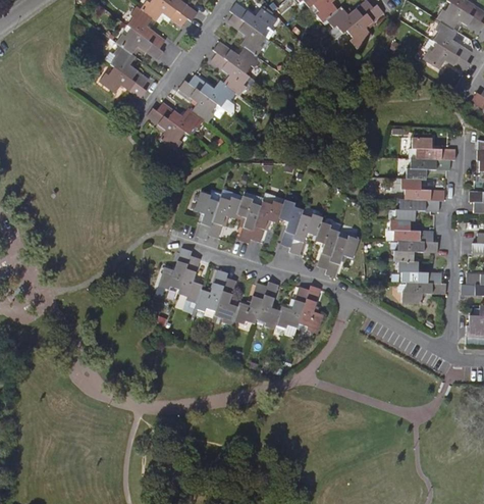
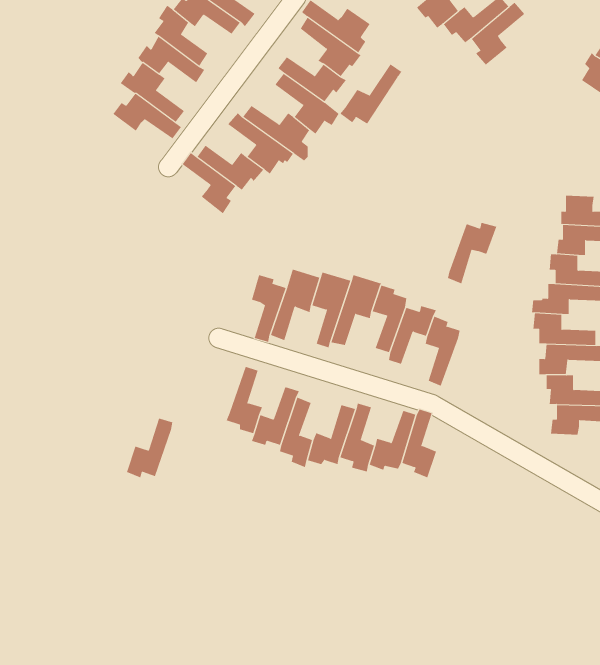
building: none -> [339,64,402,125]
building: [325,235,360,278] -> [447,222,497,284]
building: [159,247,192,289] -> [126,418,173,478]

